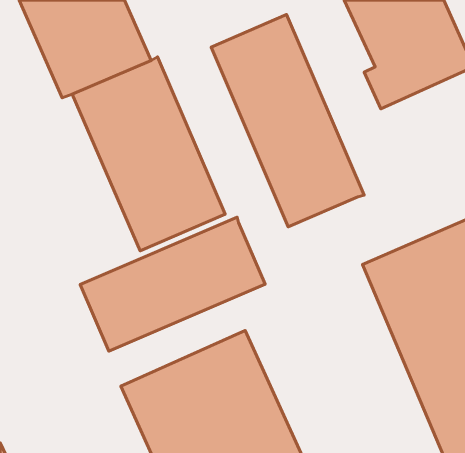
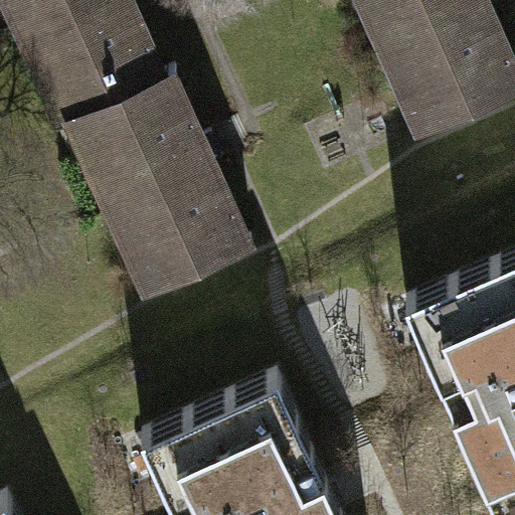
building: [211,15,364,227] -> none
building: [80,217,265,351] -> none

